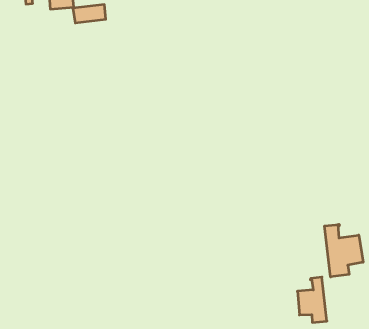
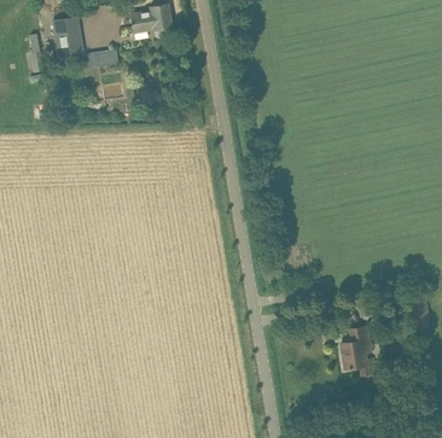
building: [325,224,363,277] -> none

